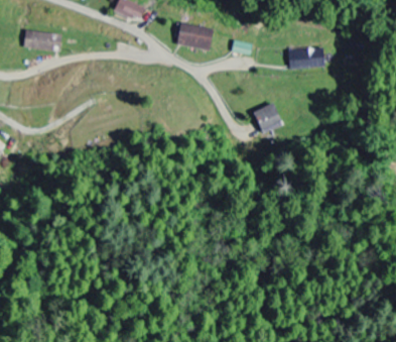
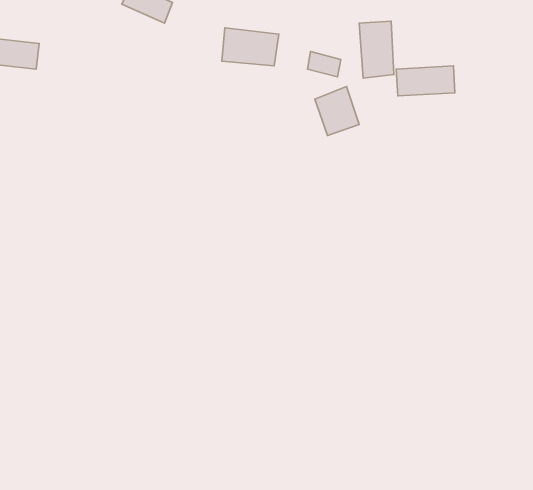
building: none -> [359,21,394,78]
building: [255,103,283,134] -> [315,86,359,135]

